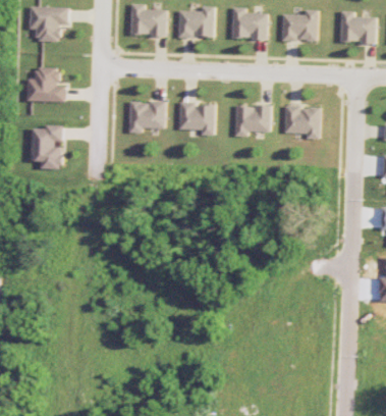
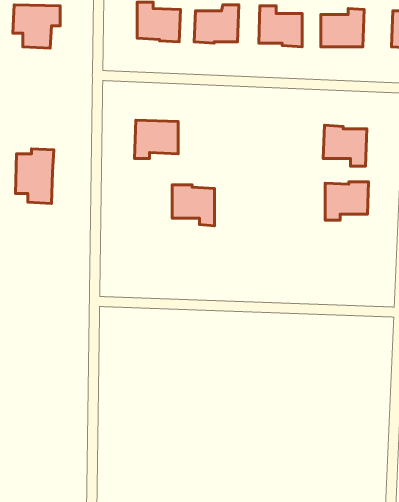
building: [27,68,65,102] -> none
building: [179,102,214,136] -> [172,185,215,226]
building: [235,105,271,137] -> [325,182,369,220]

